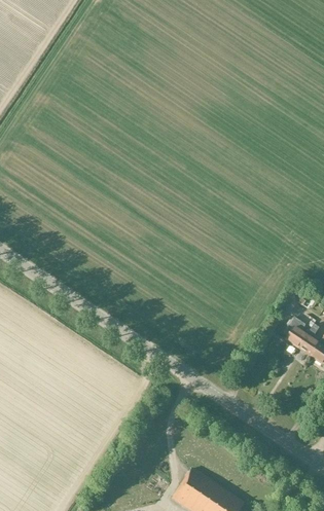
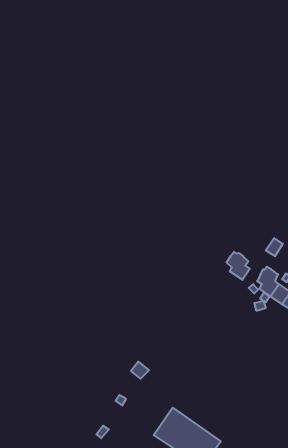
building: none -> [227,252,250,280]

